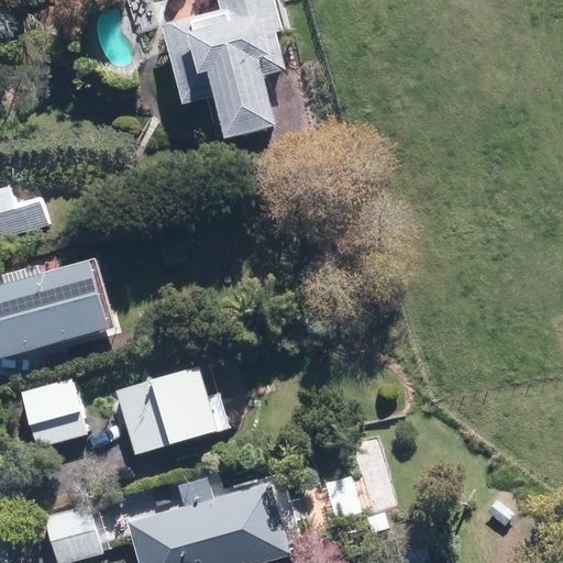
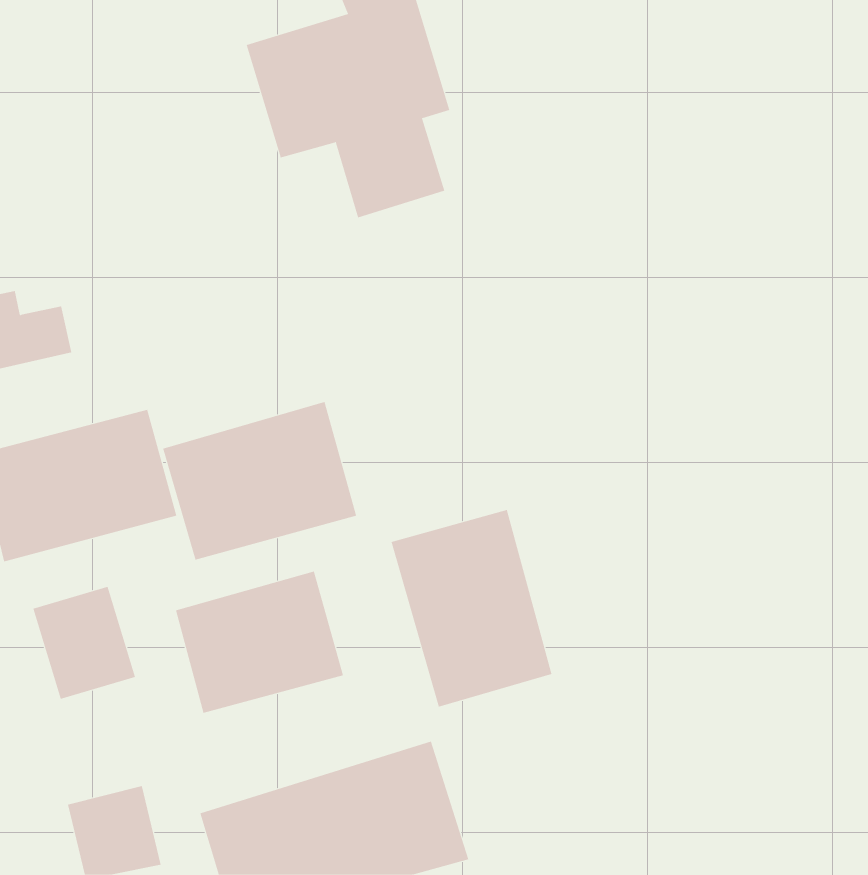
building: none -> [163,401,357,560]
building: none -> [391,509,552,708]

